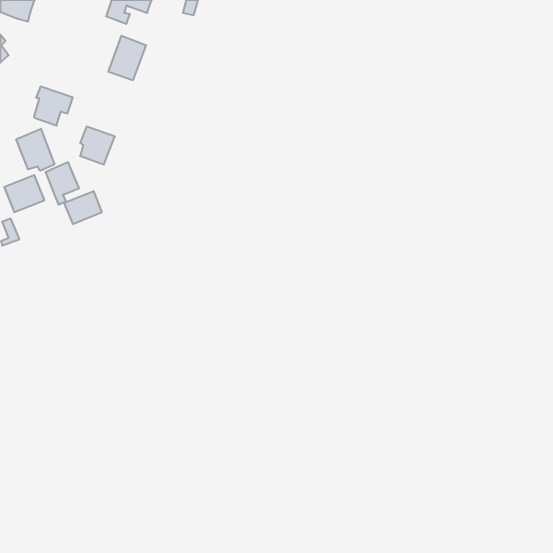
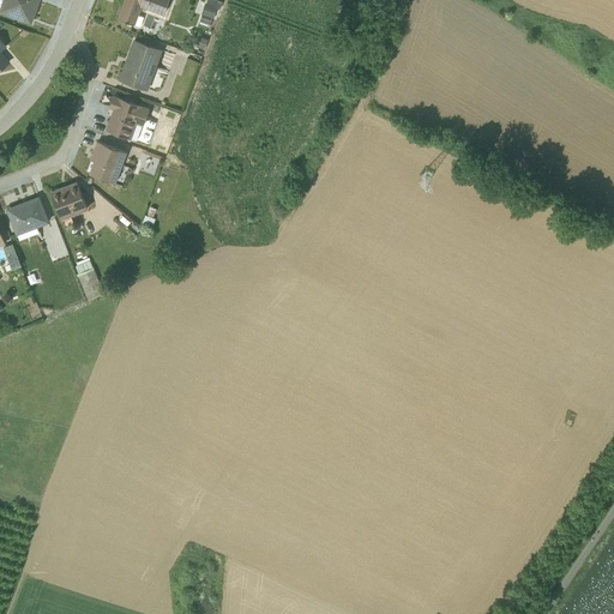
building: [34,87,73,126] -> [106,95,149,138]
building: [16,129,54,171] -> none
building: [64,191,102,224] -> none

